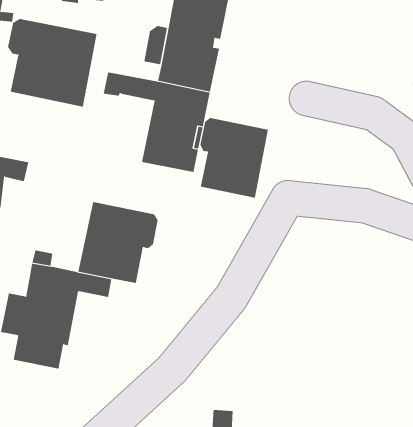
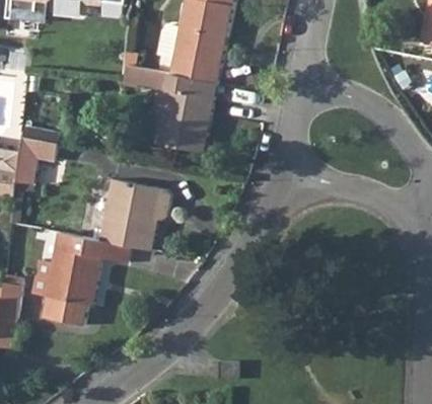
building: [7,18,97,107] -> none
building: [200,117,269,199] -> none

